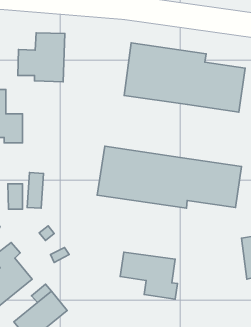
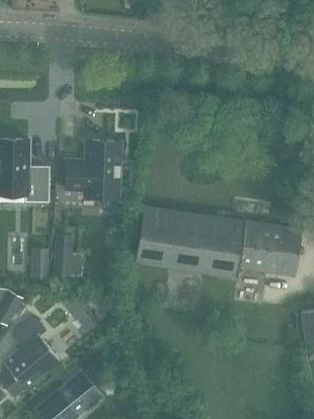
building: [18,33,65,82] -> [66,142,121,198]
building: [124,43,245,112] -> none
building: [120,252,177,299] -> none

